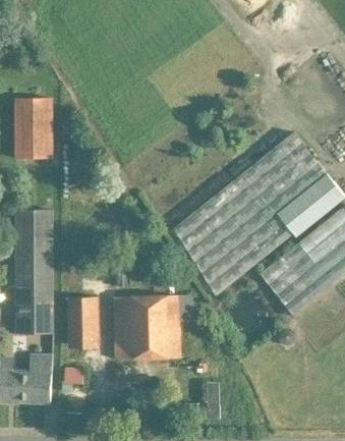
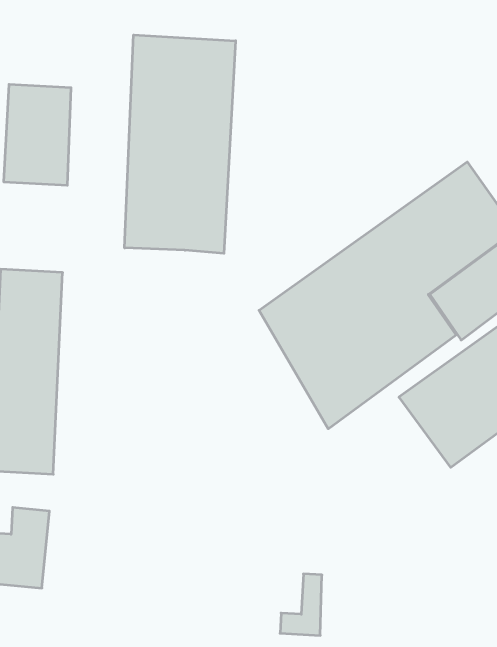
building: none -> [125,35,236,253]
building: [115,296,193,359] -> none
building: [69,299,98,347] -> none

